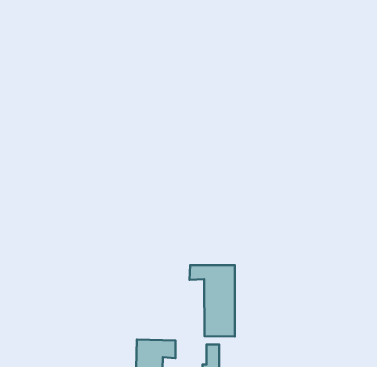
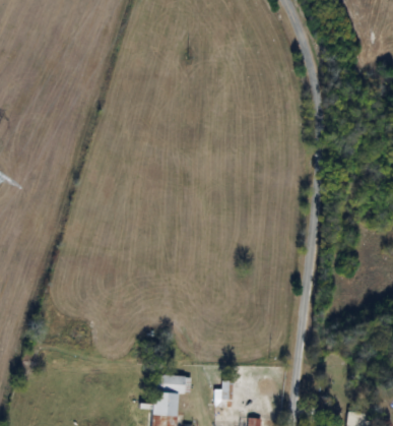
building: [190,265,235,337] -> none

